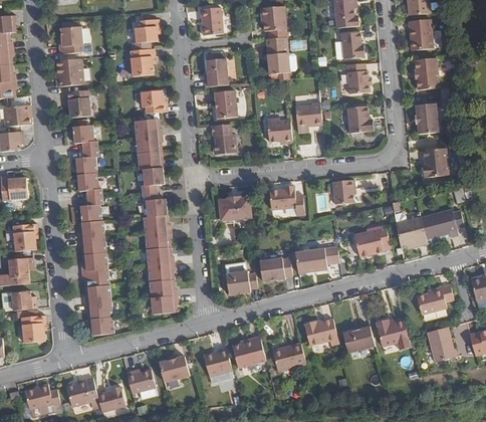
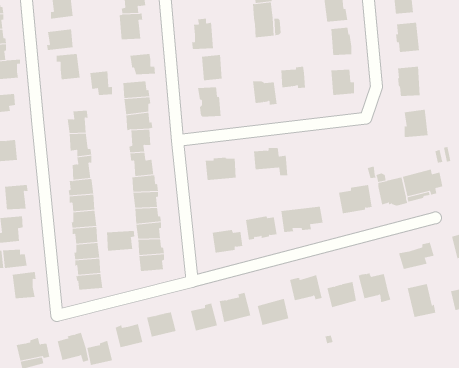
building: [73,125,97,150] -> [89,71,113,95]
building: [332,180,354,204] -> none
building: none -> [106,230,135,251]

